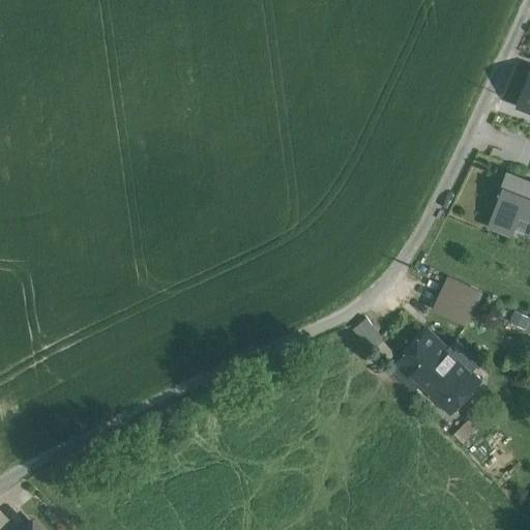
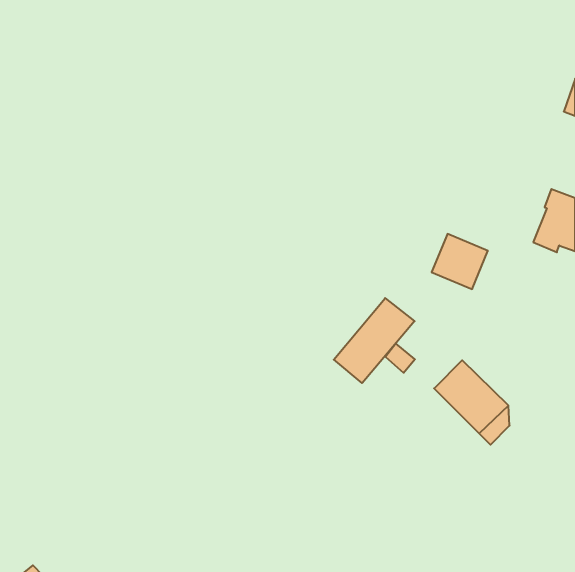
building: [433,275,484,326] -> [432,234,488,289]
building: none -> [334,298,415,383]

